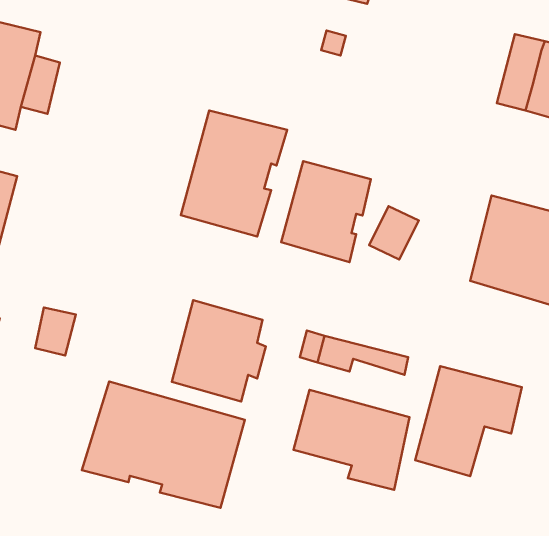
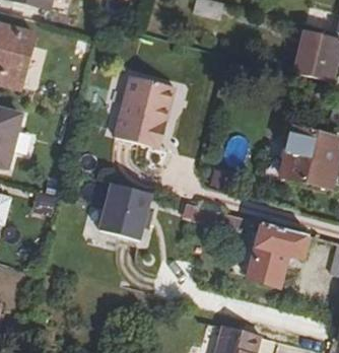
building: [281,161,371,262] -> none
building: [82,382,245,508] -> none
building: [294,390,409,490] -> none

